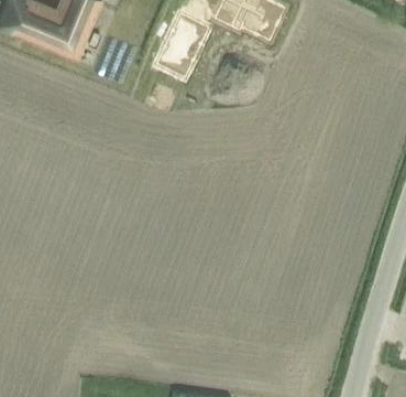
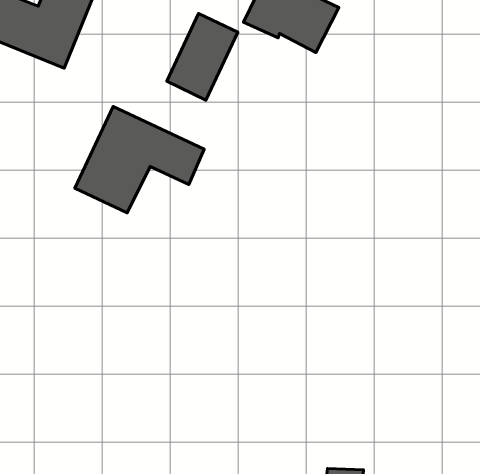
building: none -> [75,106,204,213]

